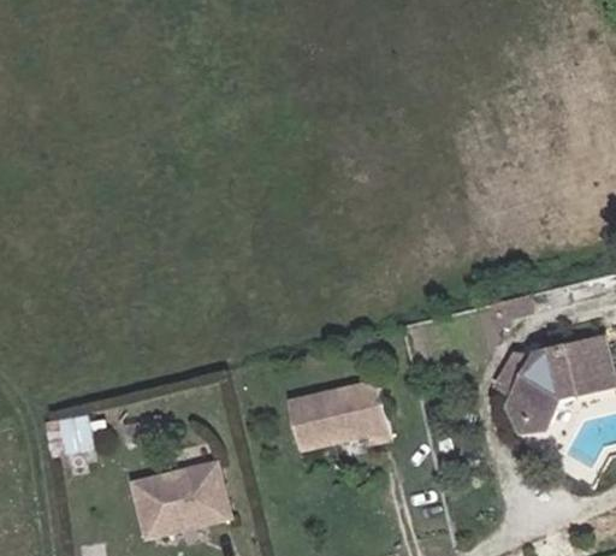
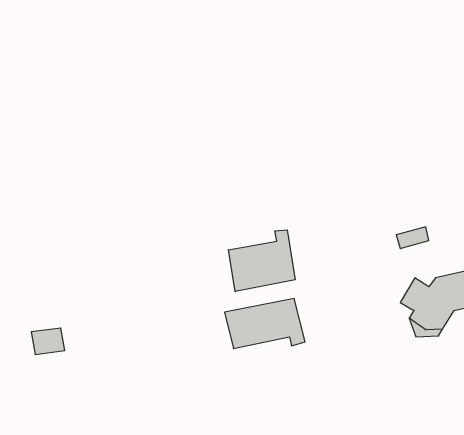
building: none -> [228,230,295,292]
building: [134,466,225,538] -> none

